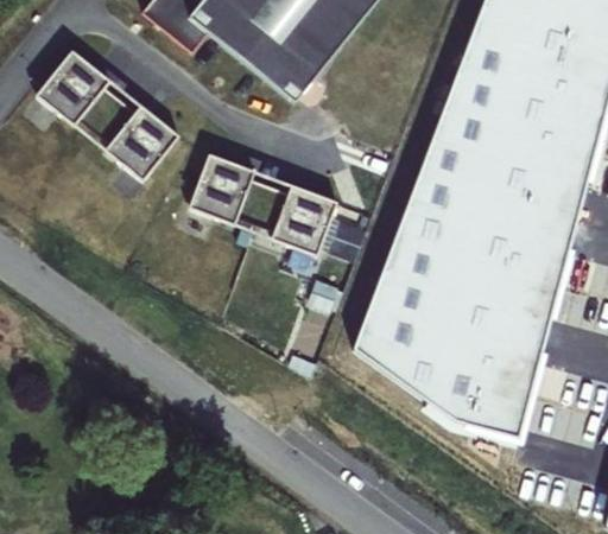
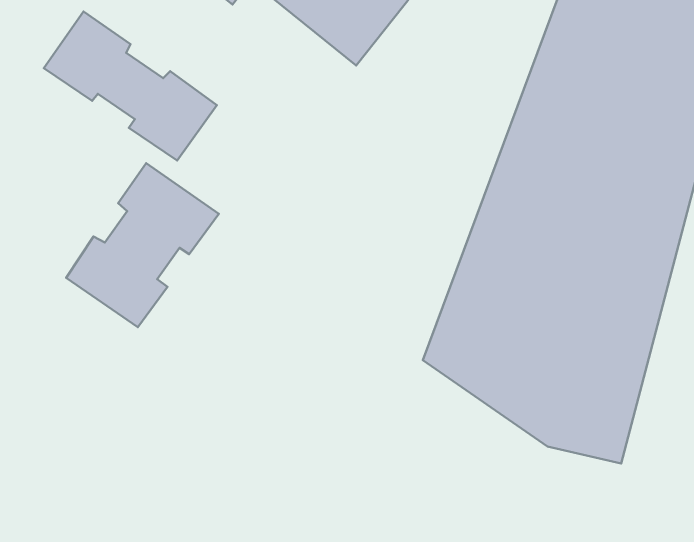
building: [192,152,341,253] -> none
building: none -> [66,163,219,327]

